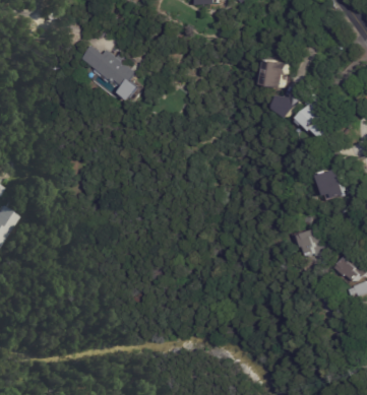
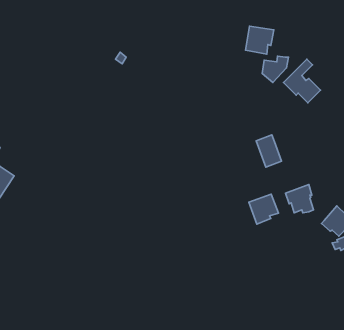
building: [80,46,138,87] -> none
building: [320,169,347,202] -> [256,135,281,167]
building: none -> [249,194,278,224]

